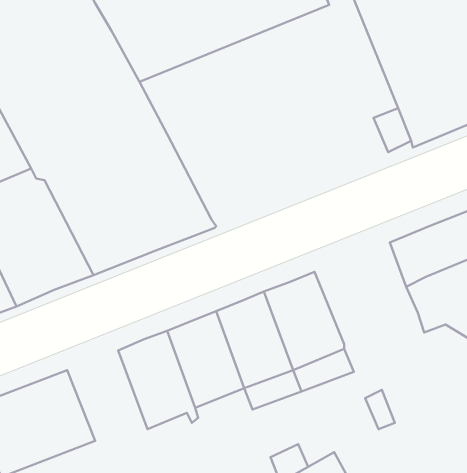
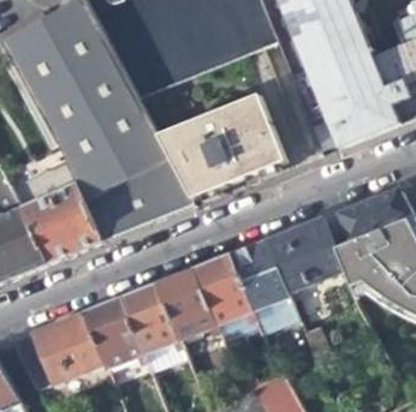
building: none -> [159,100,283,201]
building: none -> [267,217,343,292]
building: none -> [85,297,147,369]

